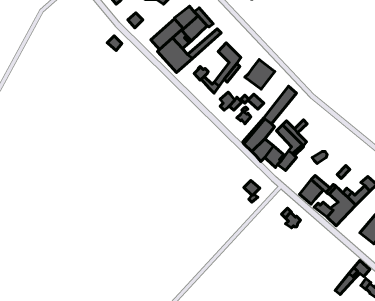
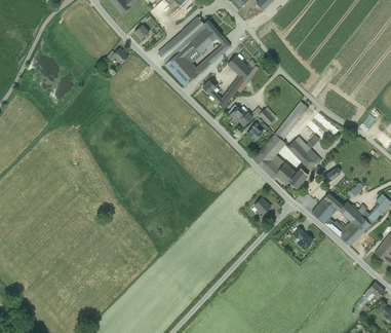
building: [245,59,275,89] -> none

